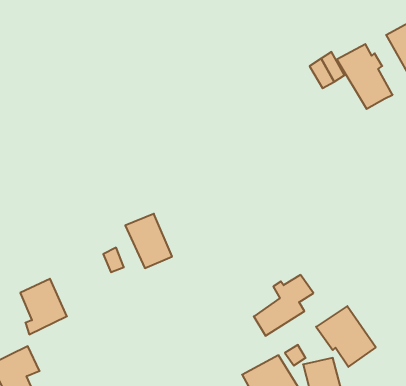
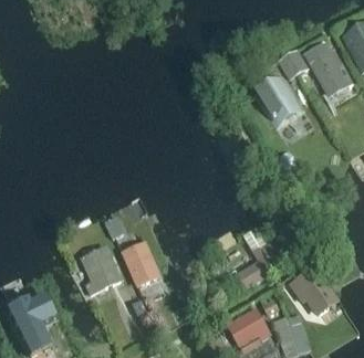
building: none -> [253,71,301,119]
building: [125,214,172,268] -> [119,240,159,286]
building: [20,279,67,334] -> [81,245,121,293]

